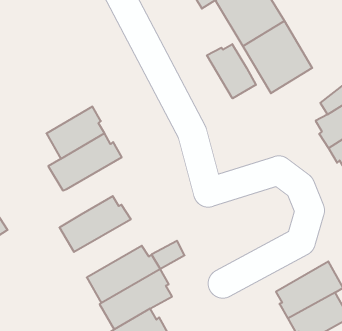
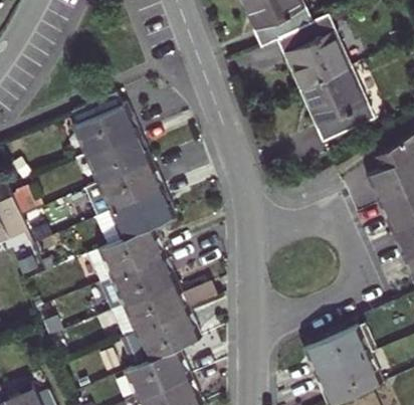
building: [207,44,256,98] -> none
building: none -> [74,92,139,155]
building: none -> [101,189,172,243]
building: none -> [96,254,173,312]

